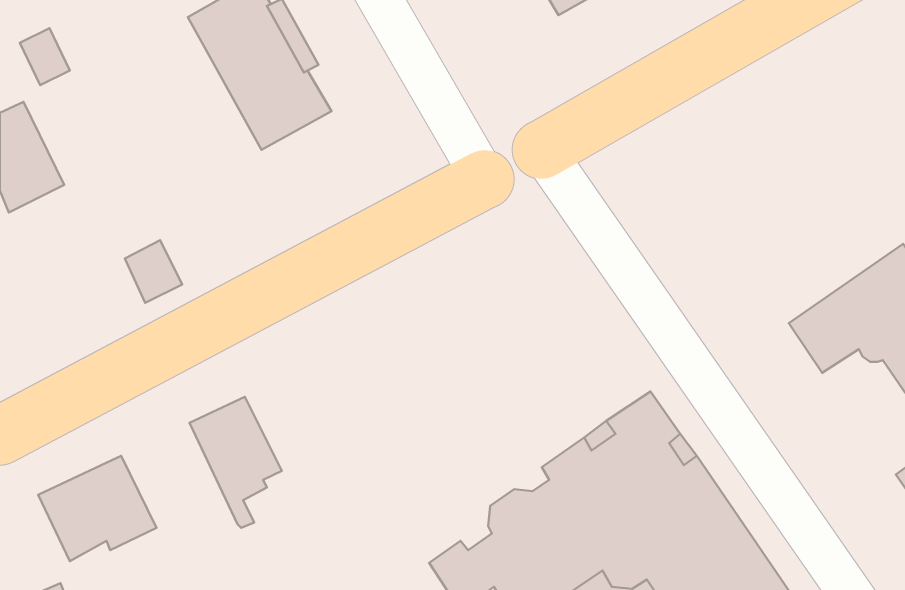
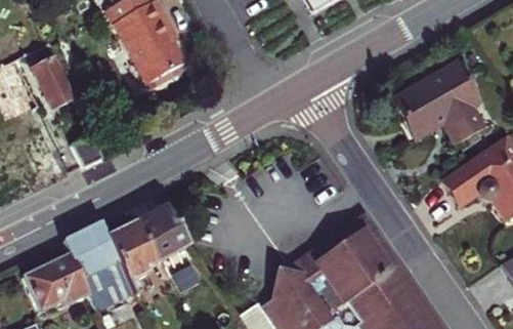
building: none -> [26,45,74,110]
building: none -> [392,61,481,143]
building: none -> [138,205,190,262]
building: none -> [62,221,134,311]

